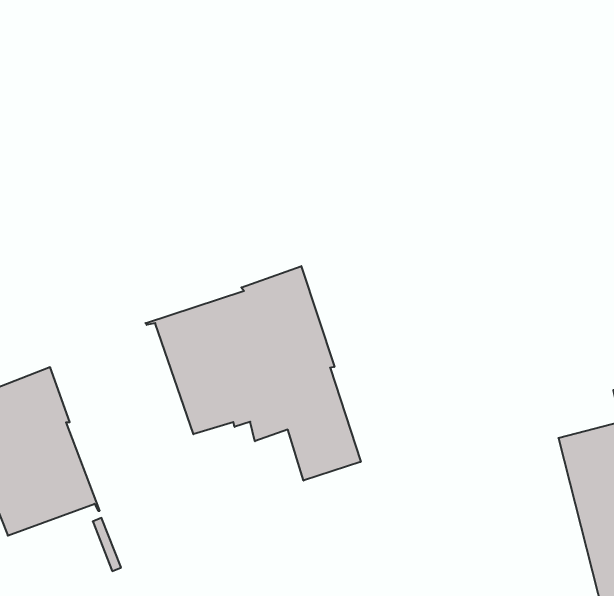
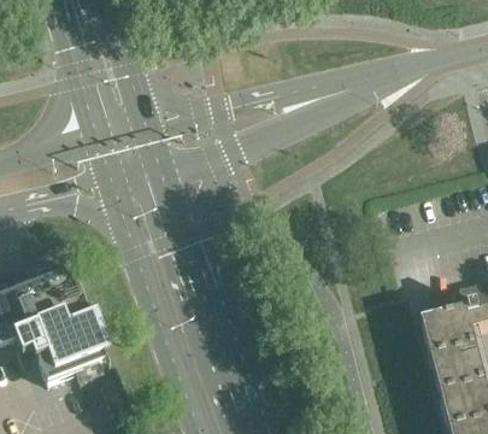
building: [145,266,361,481] -> none

